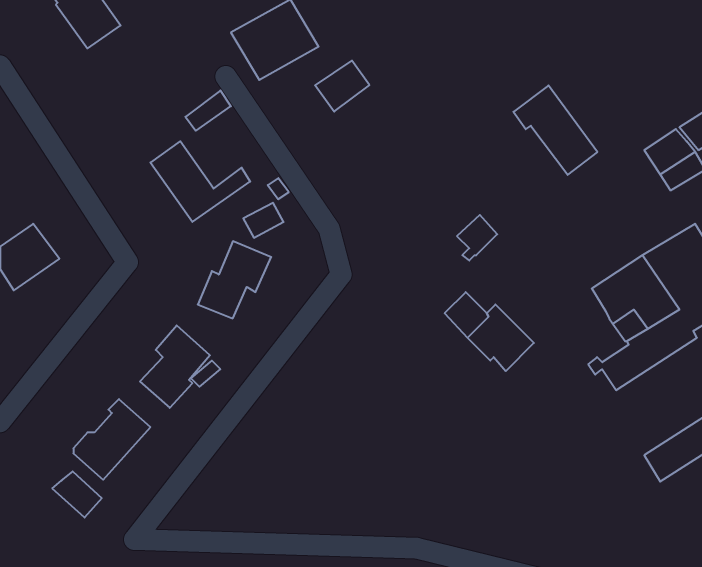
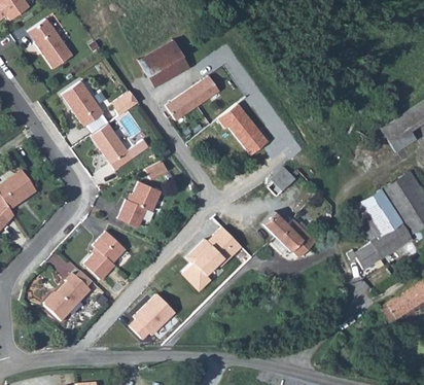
building: none -> [61,81,103,127]
building: none -> [165,91,198,120]
building: [513,85,597,175] -> [217,103,267,155]
building: none -> [183,224,244,290]
building: none -> [130,290,179,338]
building: [52,471,102,518] -> none

